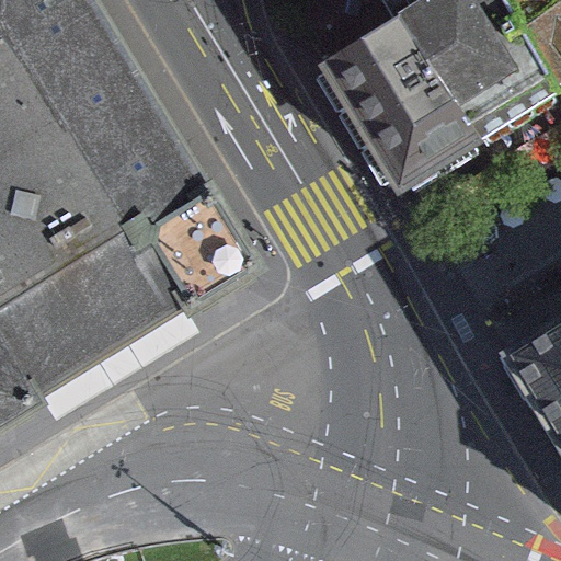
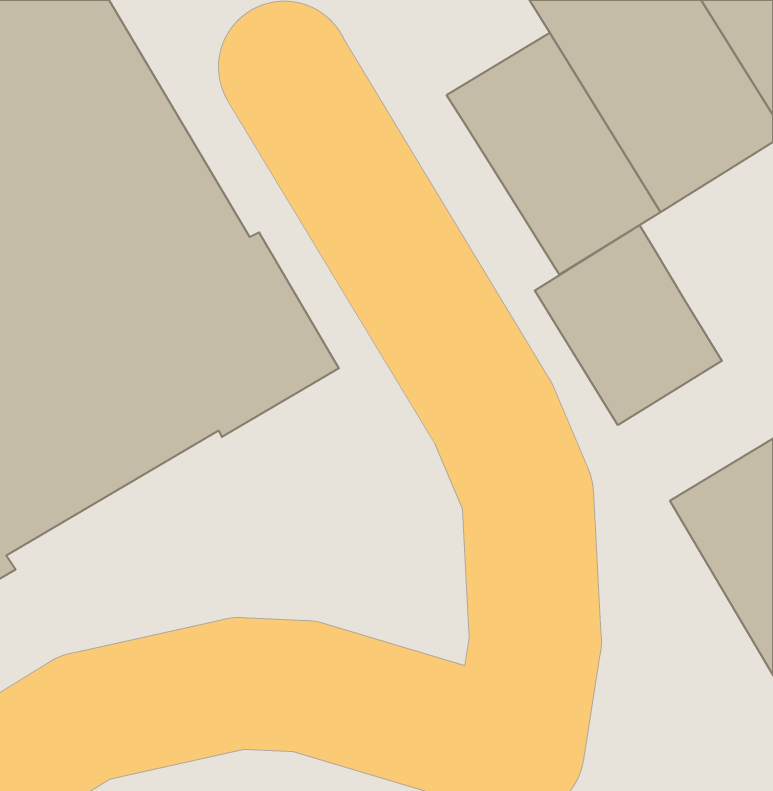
building: none -> [535,225,722,425]

